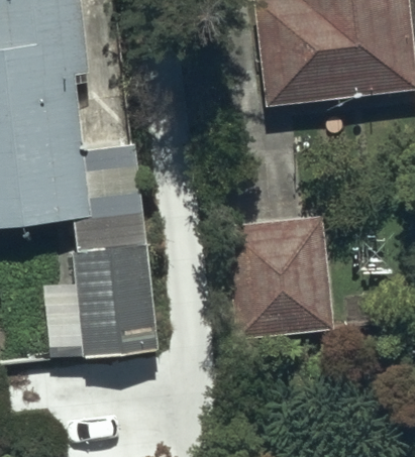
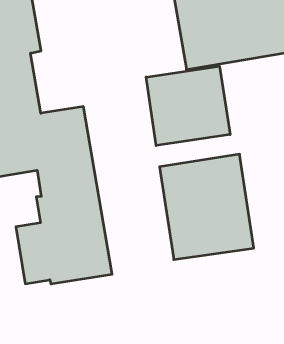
building: none -> [146,66,230,146]

